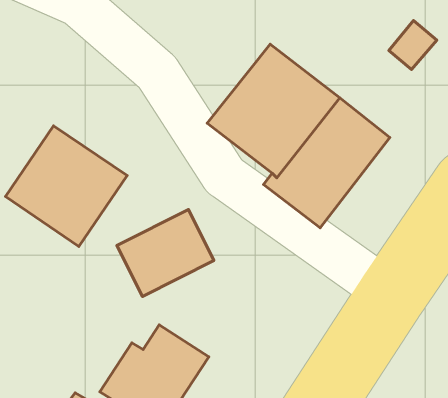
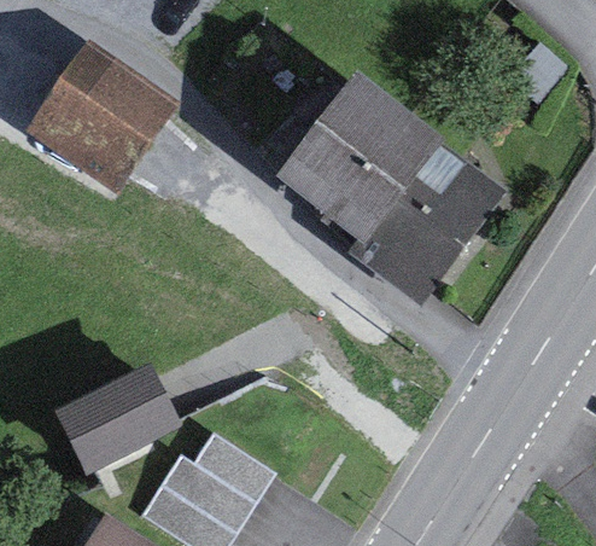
building: [5,126,127,246] -> [24,39,180,193]
building: [117,210,214,296] -> [55,361,180,472]

